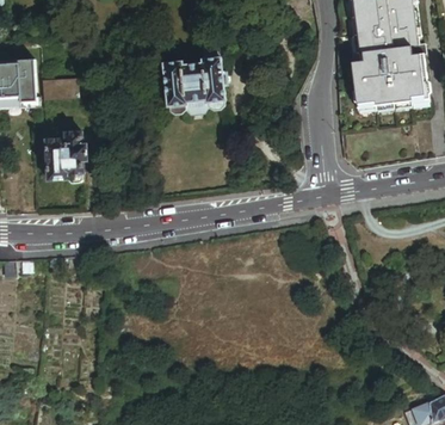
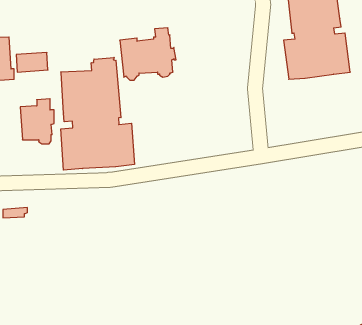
building: none -> [61,57,134,170]

